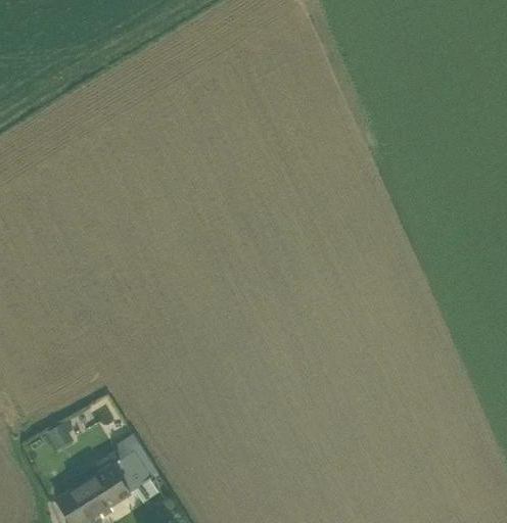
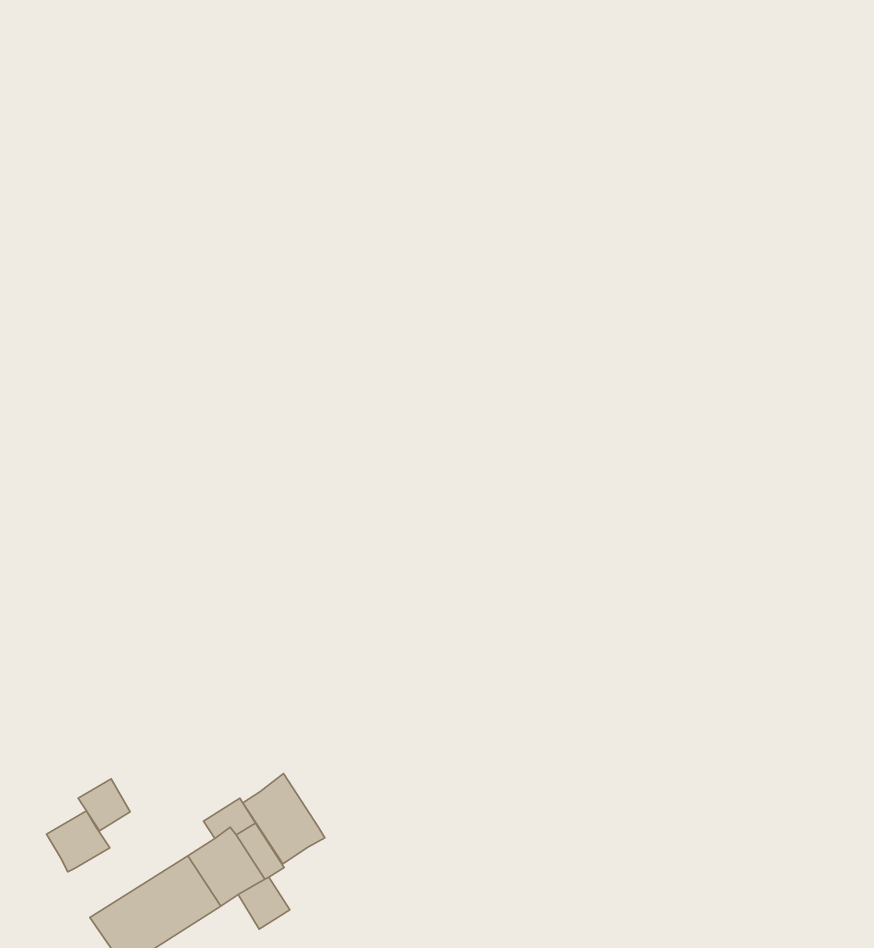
building: none -> [243,774,325,864]
building: none -> [47,811,110,872]

